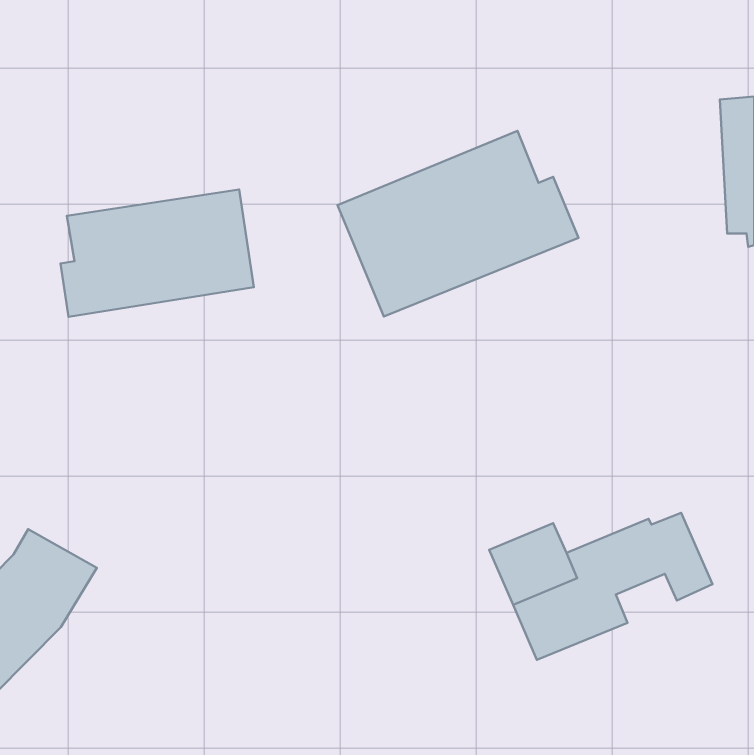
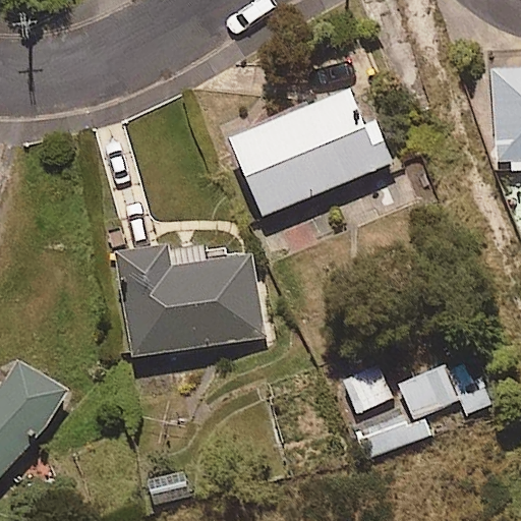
building: [60,190,254,317] -> none
building: none -> [116,247,266,356]

